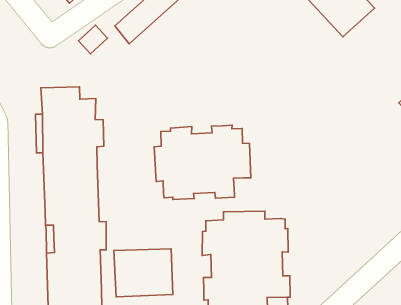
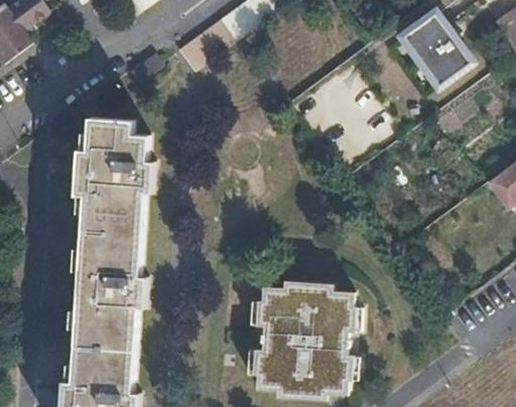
building: [154,125,251,199] -> none
building: [114,249,173,297] -> none

